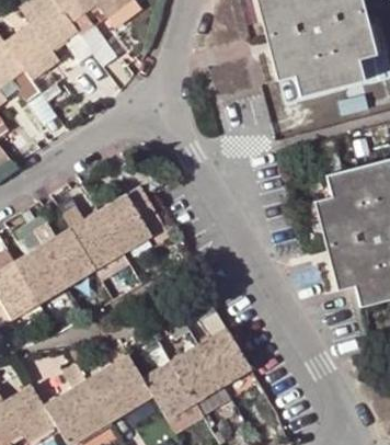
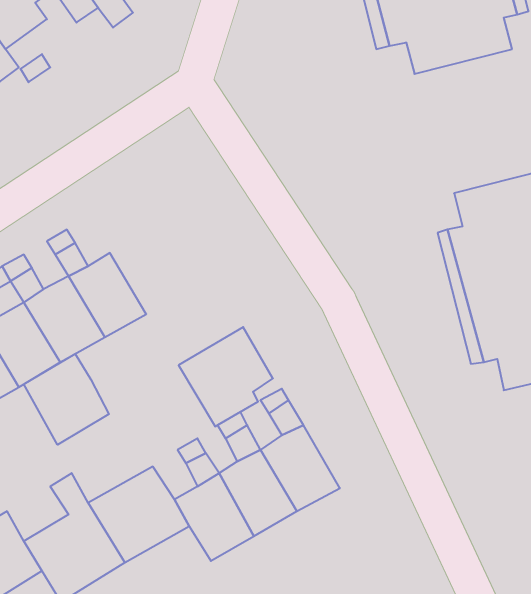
building: [100,190,162,255] -> [179,327,273,426]
building: none -> [24,354,109,445]

